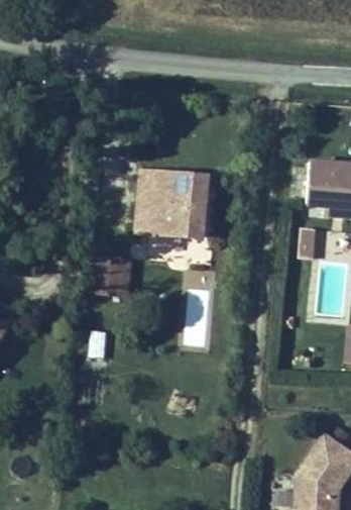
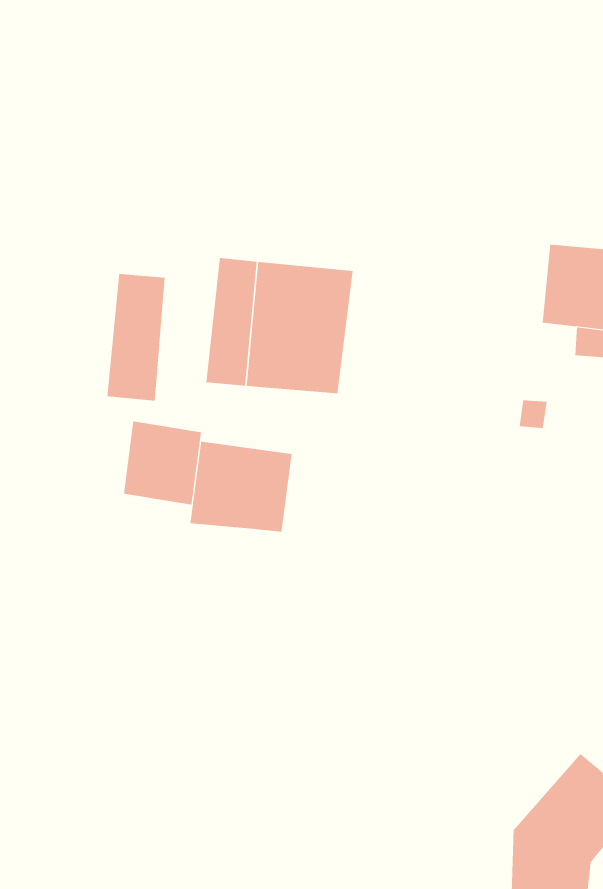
building: none -> [107,273,165,402]
building: none -> [190,441,292,533]

